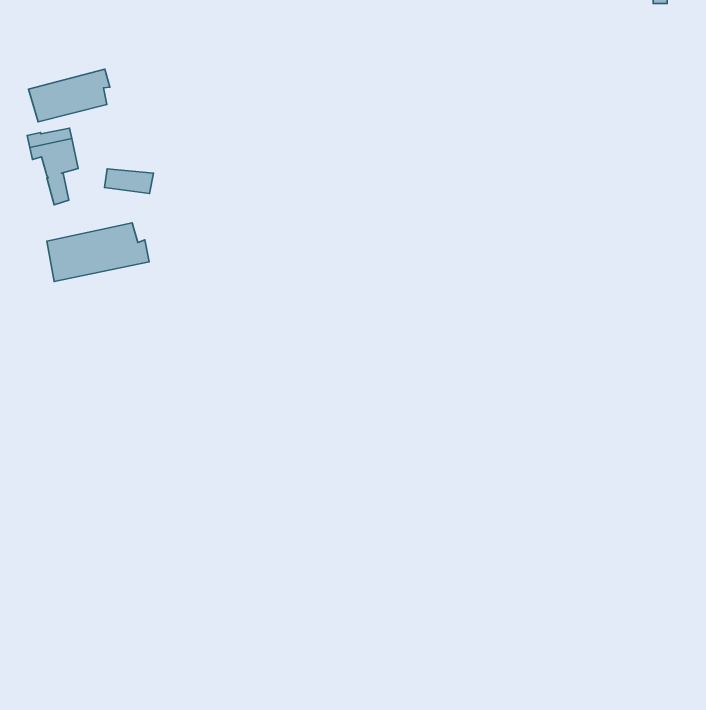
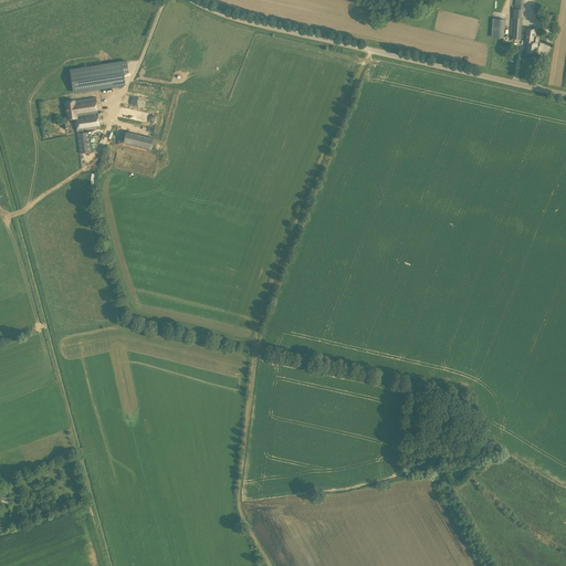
building: [47,223,149,282] -> none

